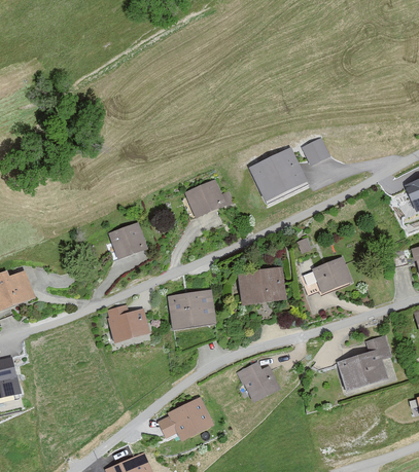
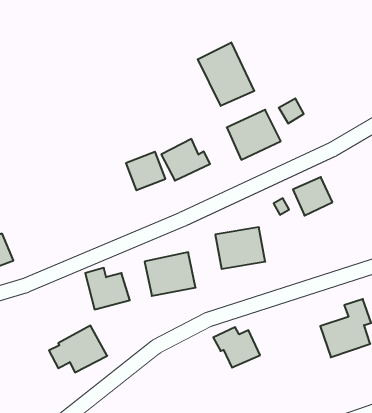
building: none -> [198,42,254,106]
building: [109,222,148,260] -> [126,152,165,190]
building: [313,257,352,295] -> [293,177,332,216]
building: [160,397,217,443] -> [49,326,107,372]

